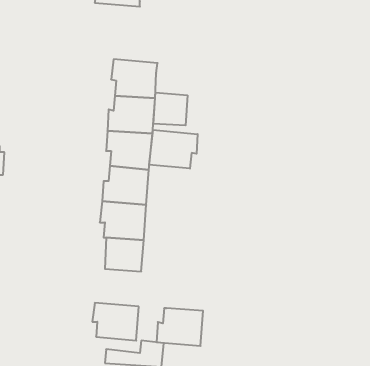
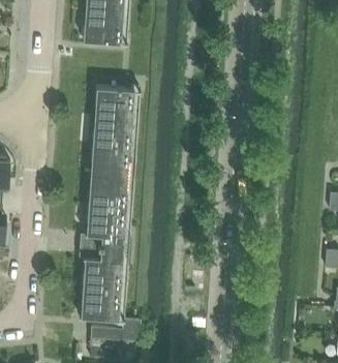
building: [153,93,187,125] -> none
building: [149,130,198,169] -> none
building: [157,308,203,346] -> [85,258,123,289]

